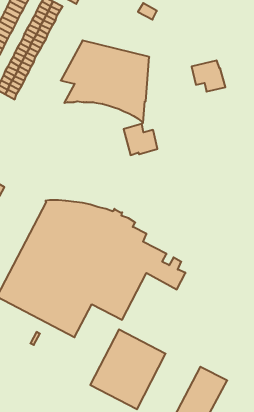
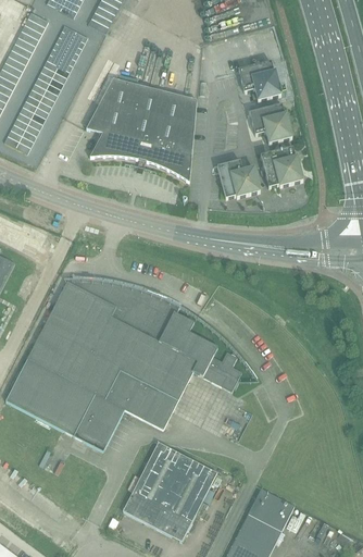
building: none -> [238,60,281,100]
building: none -> [260,146,303,187]
building: [124,124,157,155] -> [217,159,260,198]

